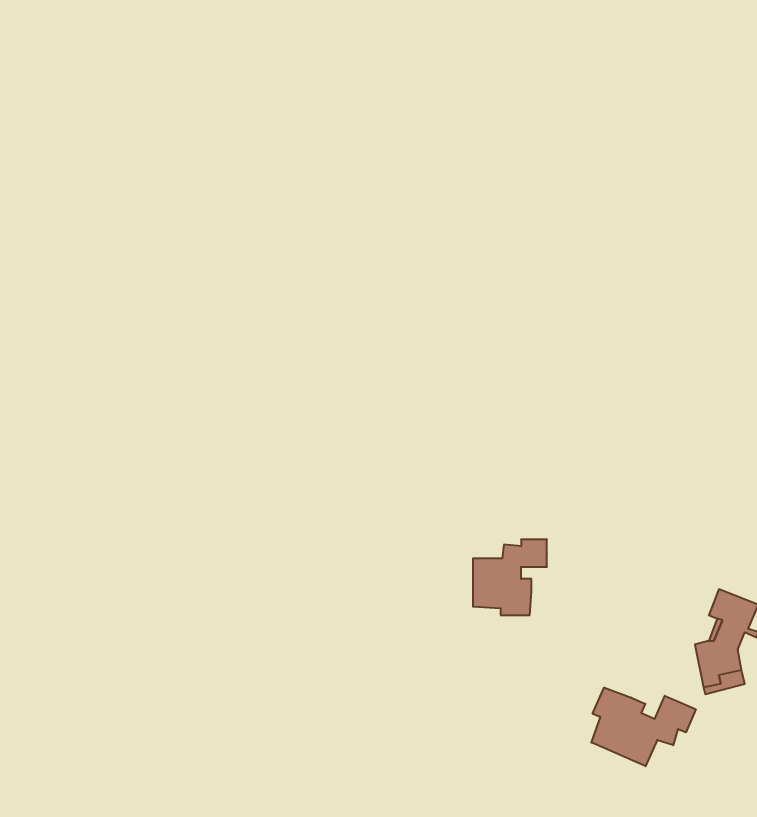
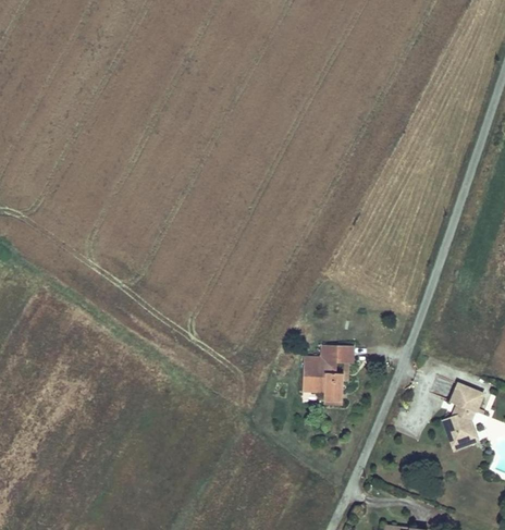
building: [591,688,696,766] -> none

